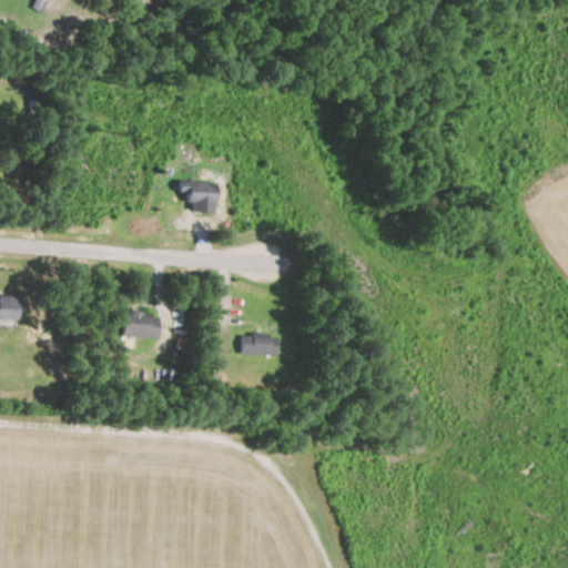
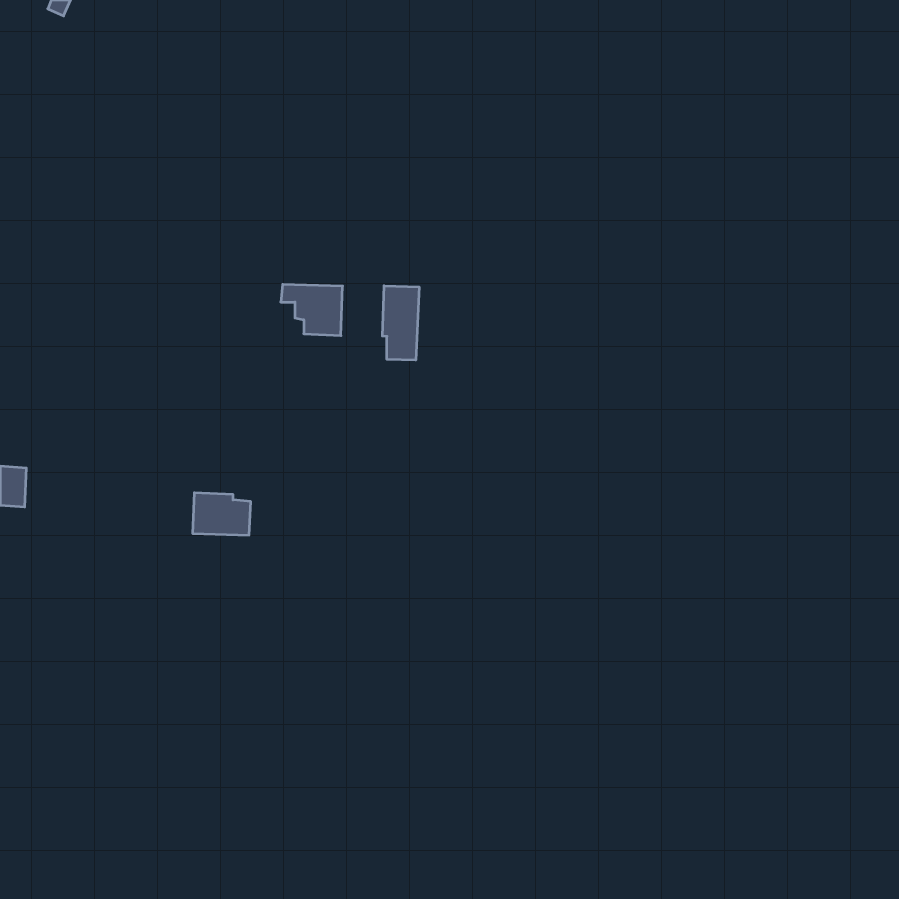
building: none -> [382,286,419,360]
building: [242,334,277,355] -> none

